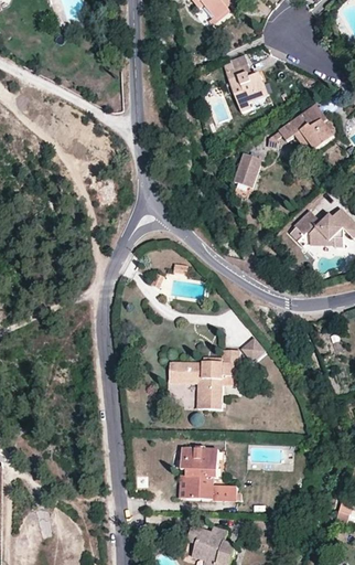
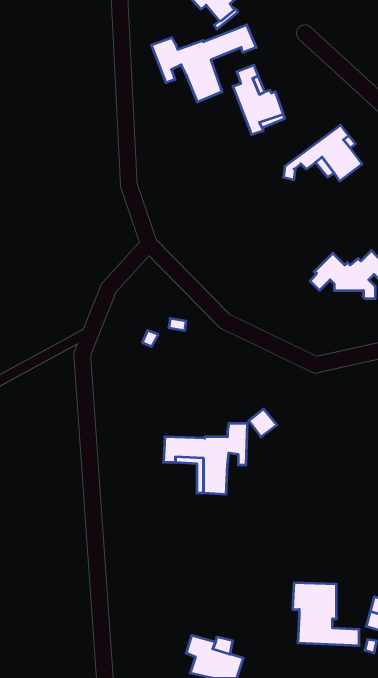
building: none -> [151,25,256,102]
building: [233,152,260,186] -> none
building: [181,448,236,500] -> [293,583,359,645]

